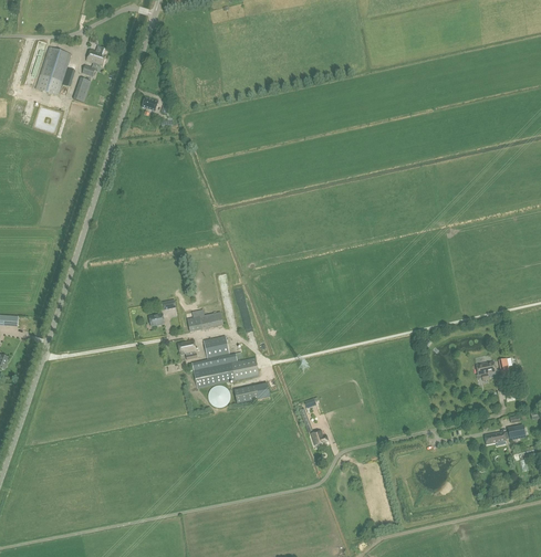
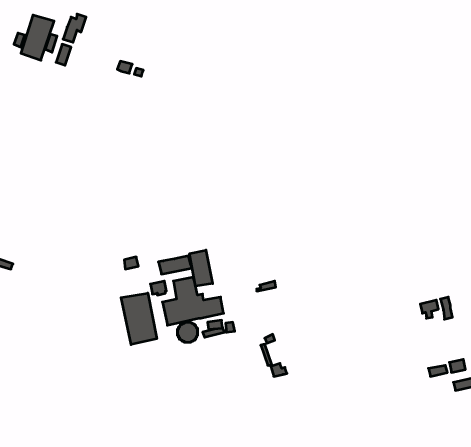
building: none -> [190,250,213,286]
building: none -> [121,293,157,345]

